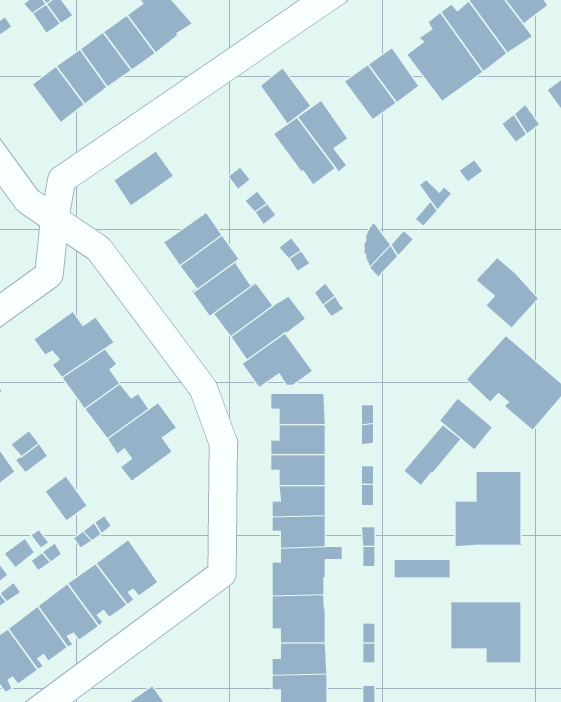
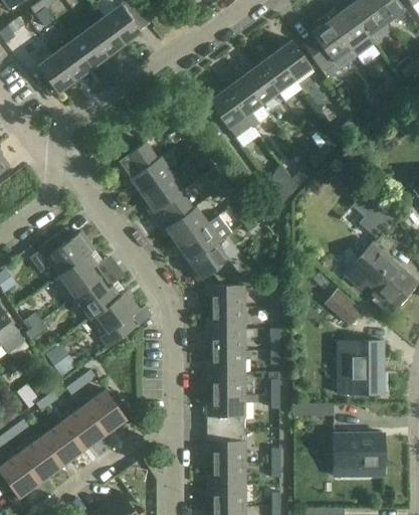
building: [260,68,311,124] -> [242,64,278,105]
building: [113,151,179,206] -> [115,142,161,181]
building: [404,425,461,486] -> none

